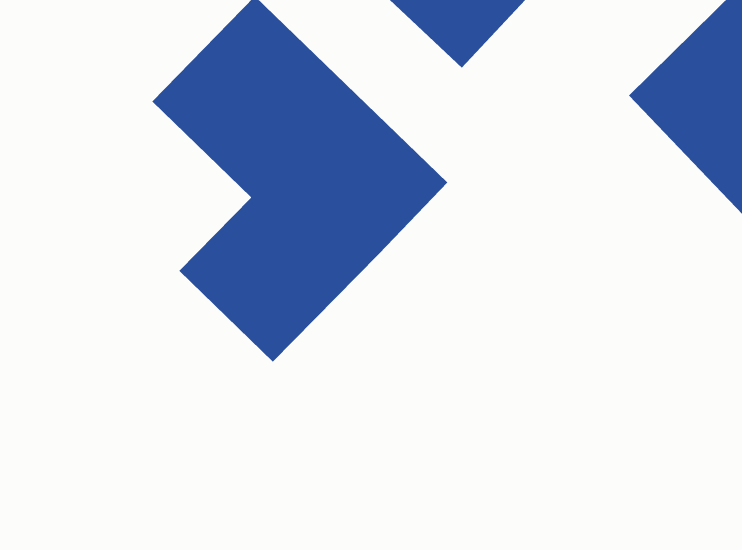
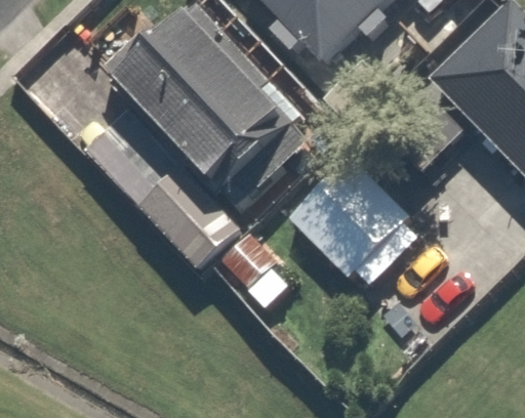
building: none -> [288,150,416,278]

